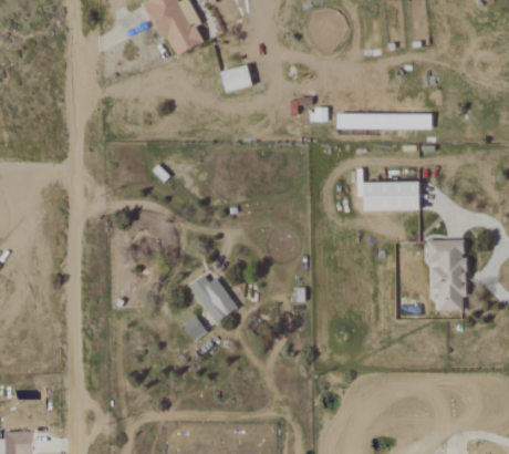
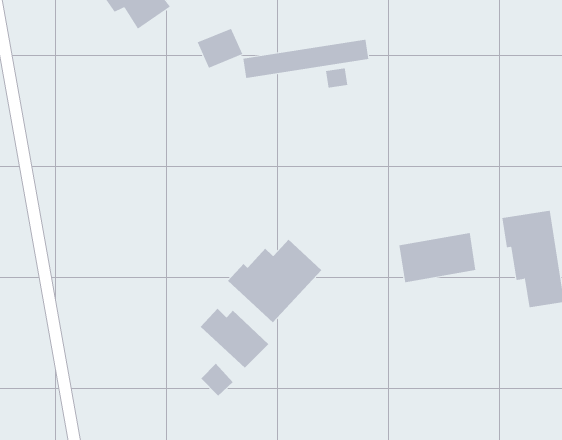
building: [336,114,432,130] -> [242,39,369,79]
building: [363,180,418,210] -> [399,233,476,283]
building: none -> [227,239,322,323]

